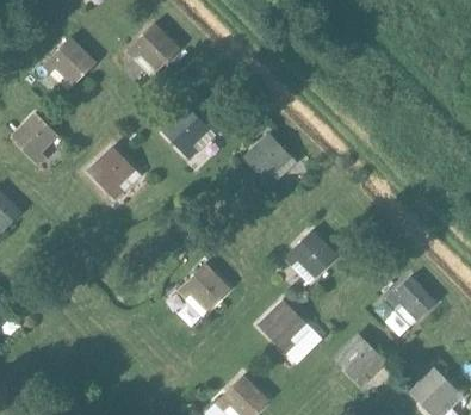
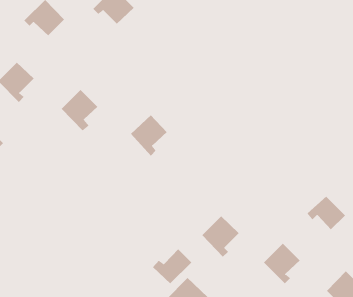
building: [163,107,209,159] -> [130,114,167,157]
building: [244,134,291,185] -> none
building: [286,231,336,277] -> none
building: [178,265,229,311] -> none
building: none -> [152,248,192,284]

